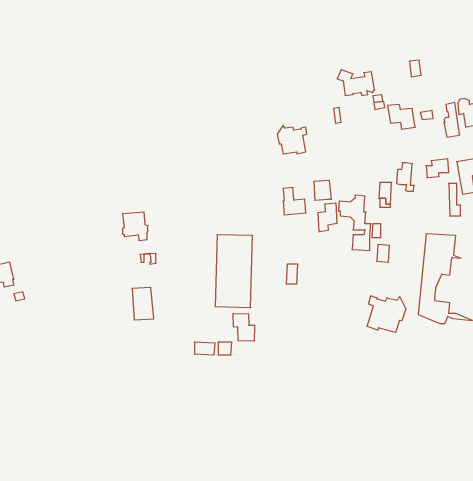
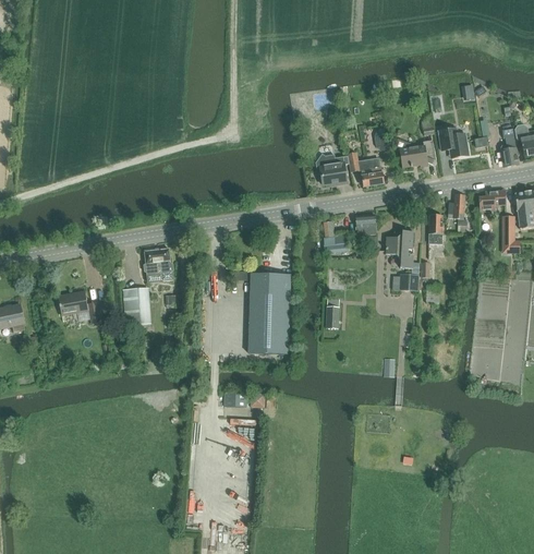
building: [337,70,375,95] -> [393,138,435,167]
building: none -> [348,154,384,186]
building: [318,203,337,232] -> none
building: none -> [60,292,100,323]
building: [132,287,154,320] -> [124,289,148,325]
building: [367,296,406,332] -> none
building: [233,313,255,341] -> none

